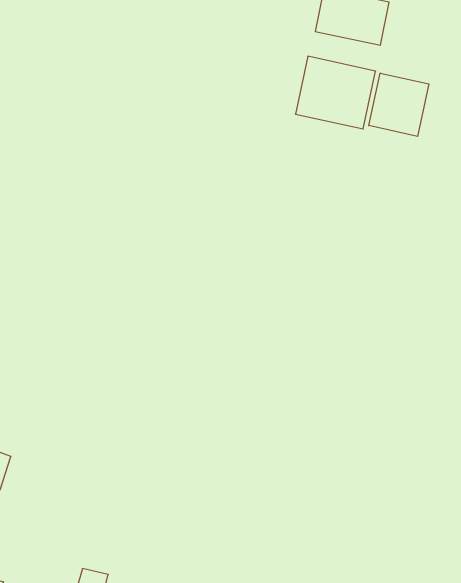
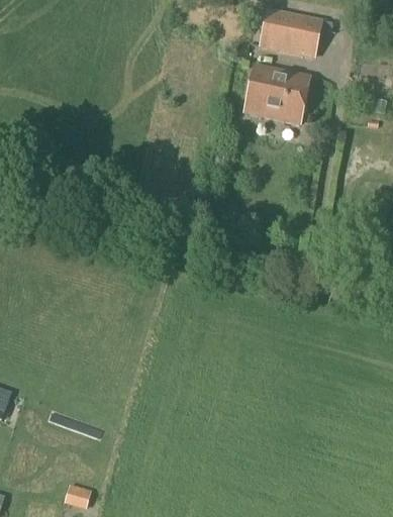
building: [369,73,429,136] -> none

